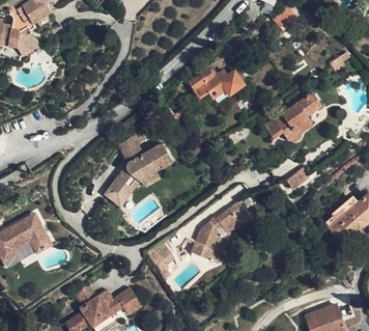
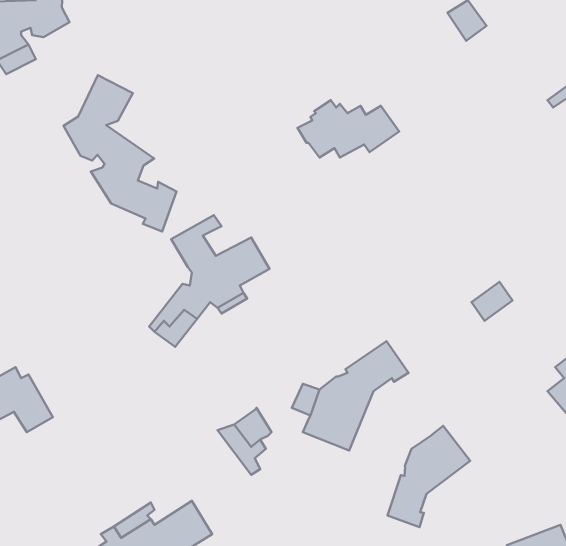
building: none -> [64,75,176,232]
building: [264,93,321,142] -> none
building: none -> [388,426,470,527]

